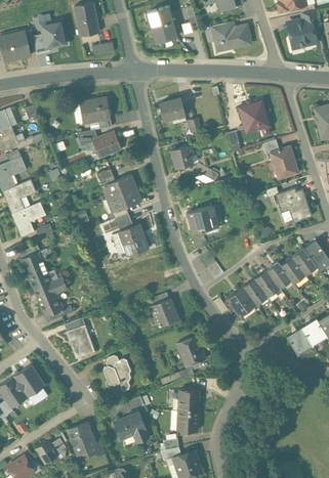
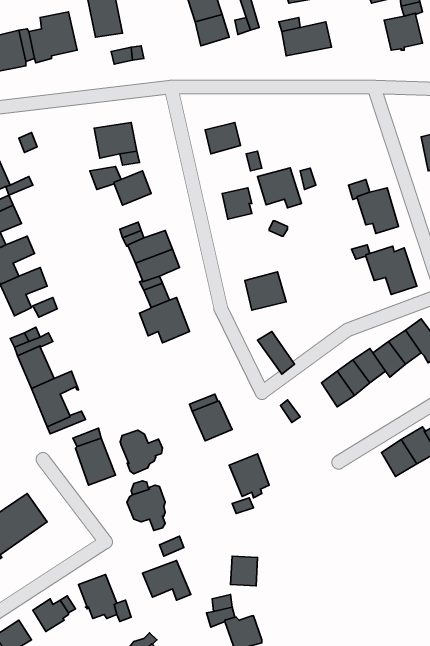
building: [238,100,270,129] -> [258,168,302,208]
building: [225,286,254,314] -> none
building: none -> [120,430,162,474]
building: [178,390,198,411] -> none

